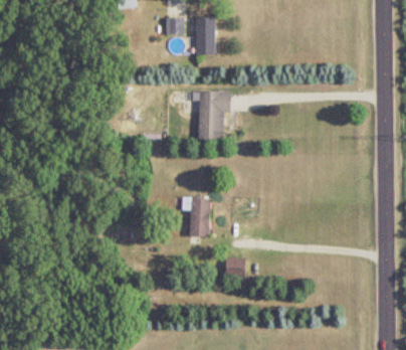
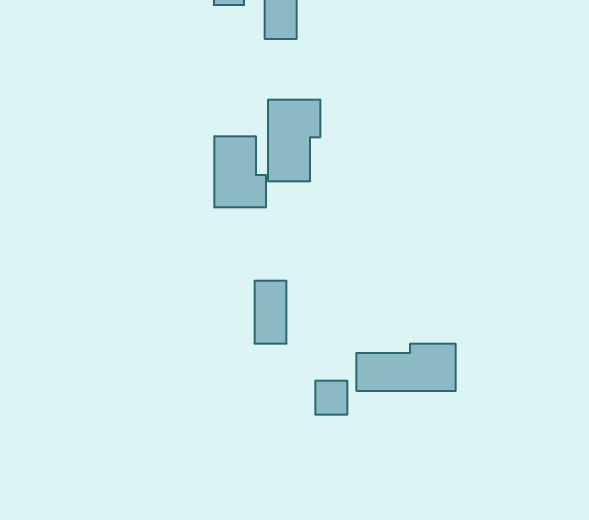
building: none -> [214,136,266,208]
building: none -> [357,344,456,391]

